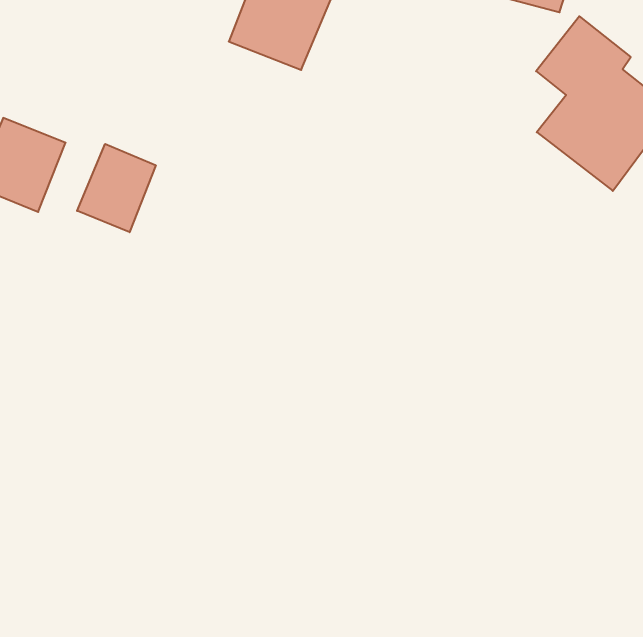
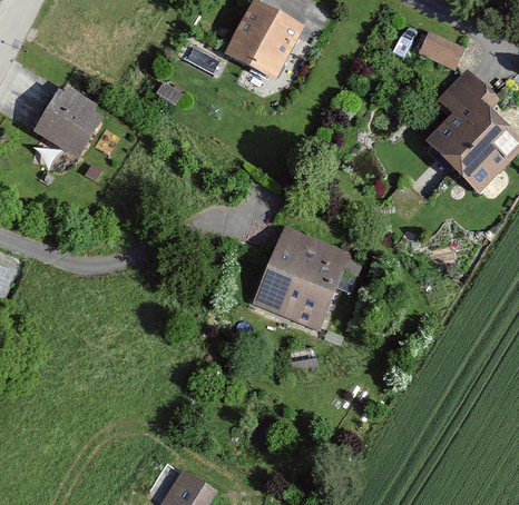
building: [77,144,156,232] -> none
building: none -> [249,235,343,327]

